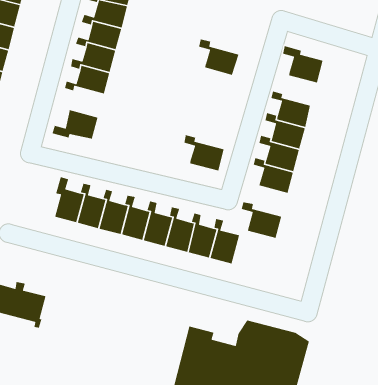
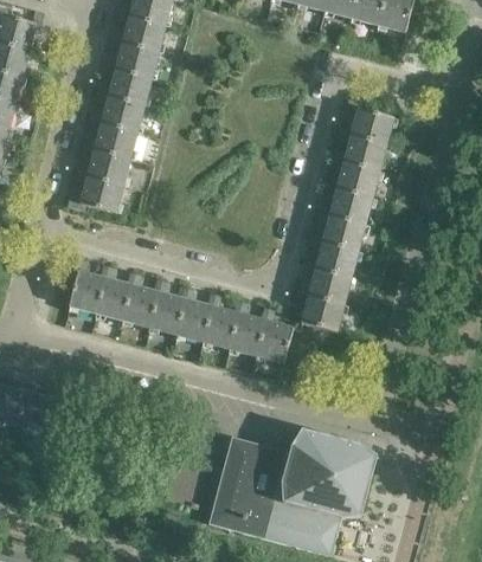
building: [198,38,240,76] -> [336,127,386,172]
building: none -> [73,149,129,186]
building: [183,134,225,172] -> [301,260,351,305]

